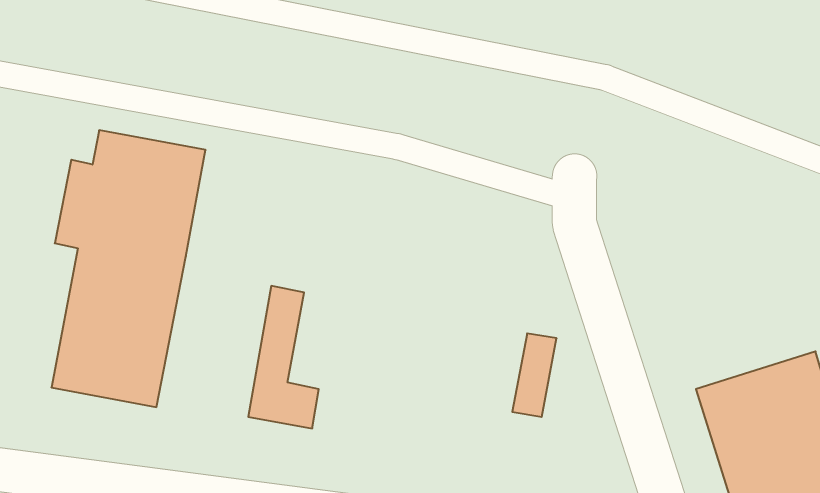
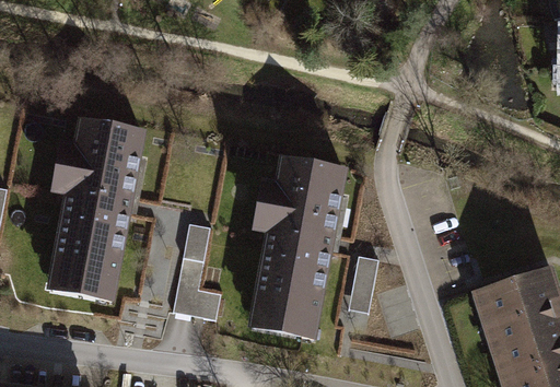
building: none -> [243,161,348,345]

